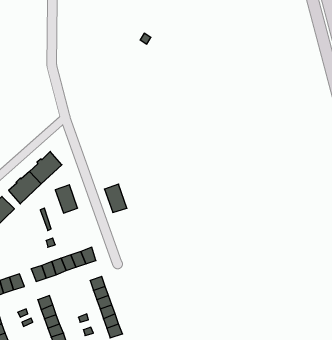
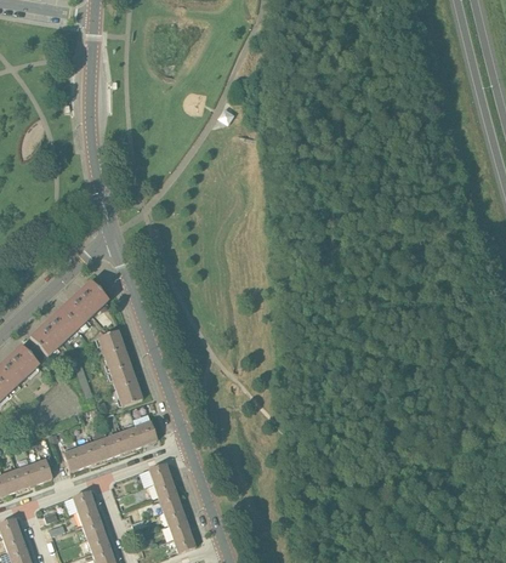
building: [104,184,127,212] -> [109,363,142,404]

